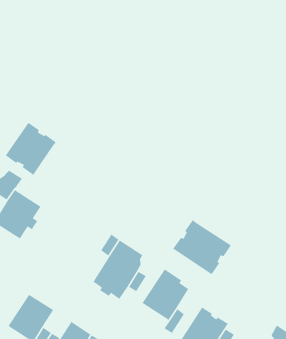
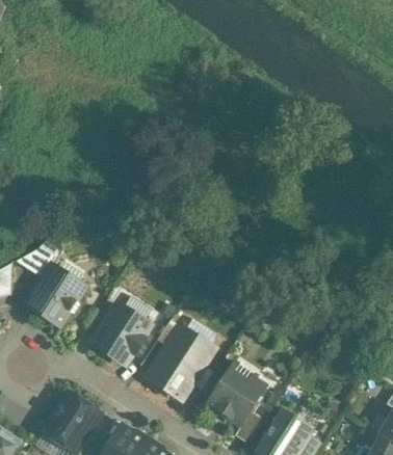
building: [5,122,57,176] -> none
building: [172,219,232,275] -> none
building: none -> [94,304,150,364]

